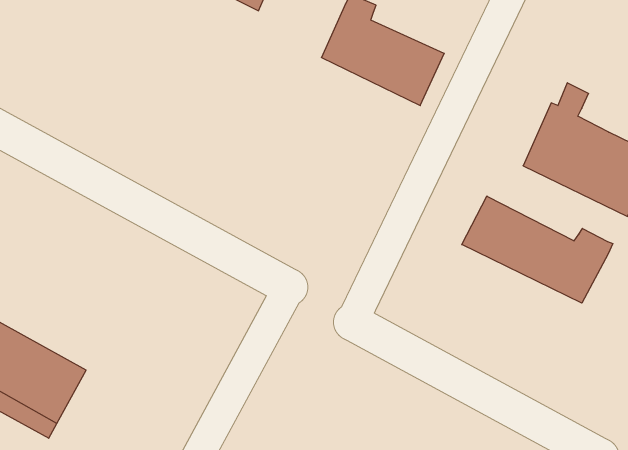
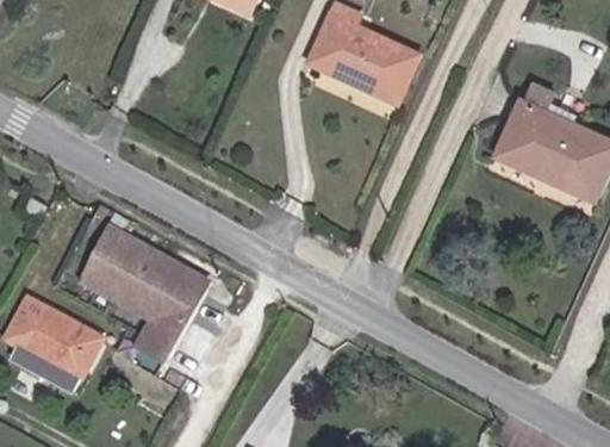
building: [462,196,613,303] -> none
building: none -> [77,229,205,361]

